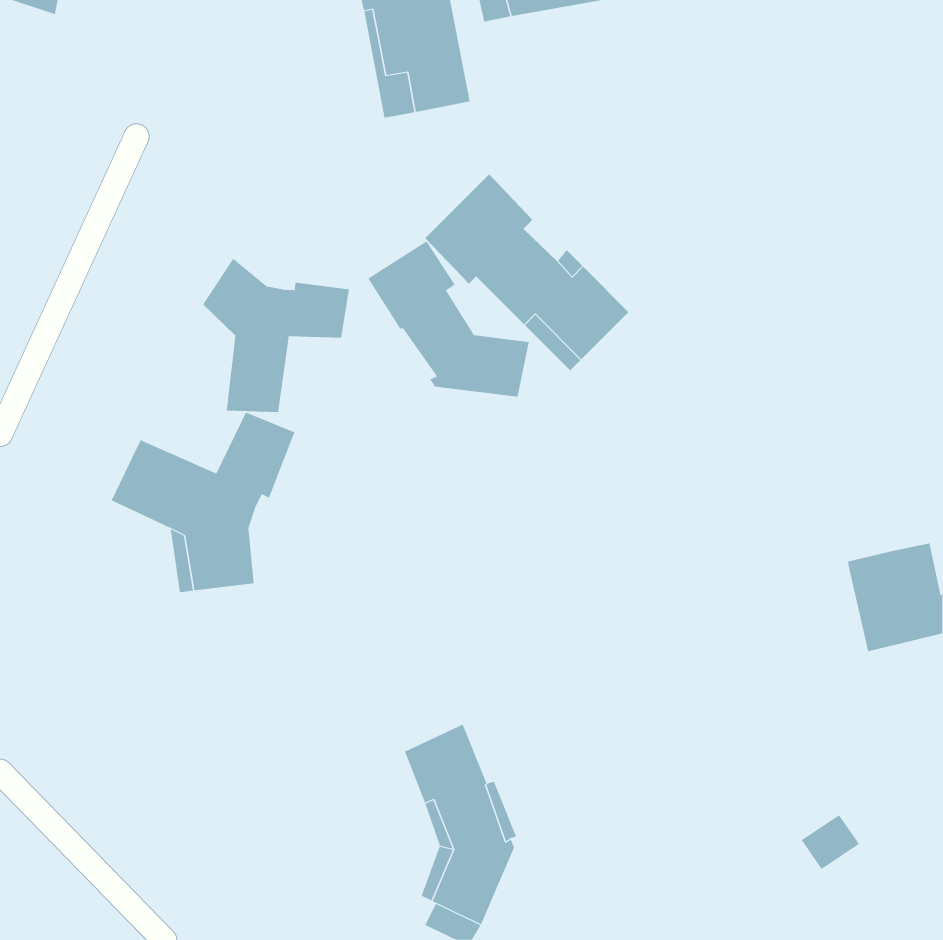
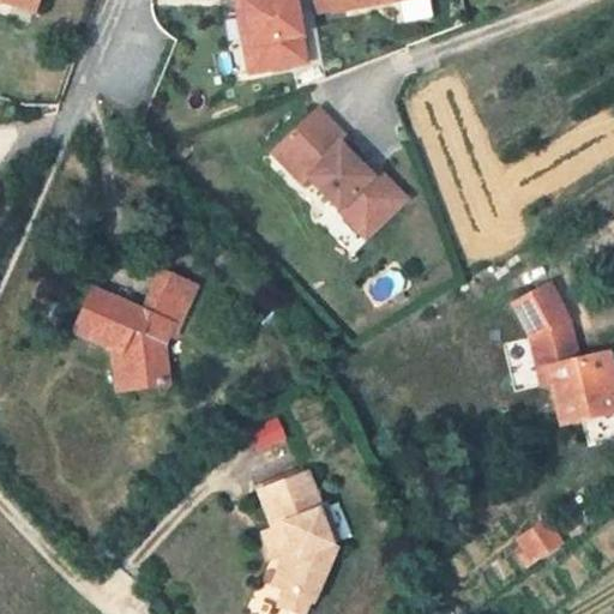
building: [368,240,529,398] -> none
building: [203,258,349,413] -> none
building: none -> [517,279,580,371]

